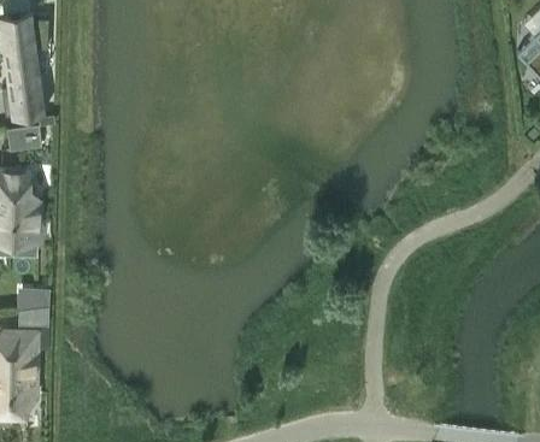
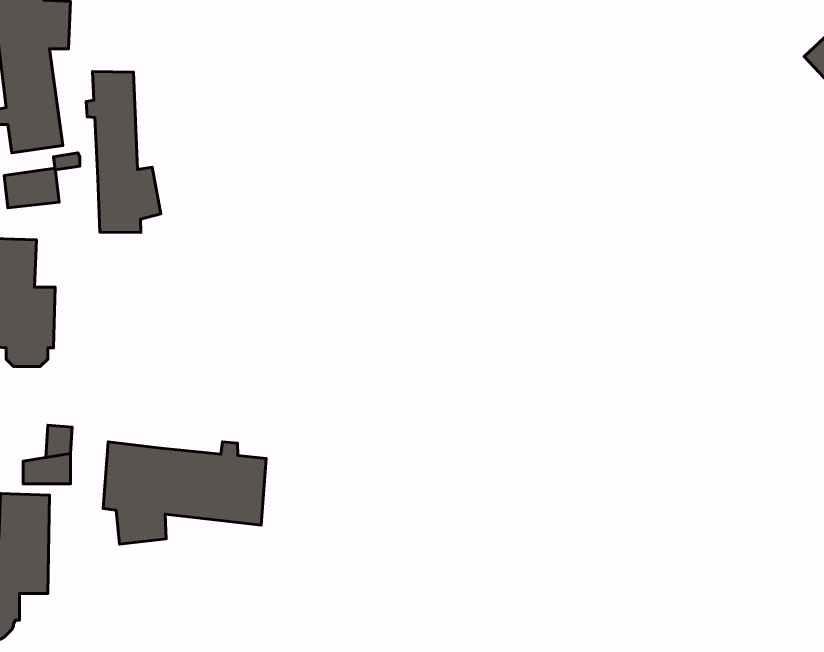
building: none -> [86,72,161,233]
building: none -> [103,442,266,544]

